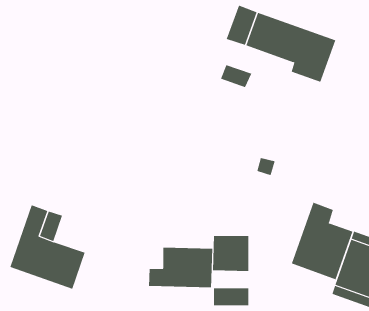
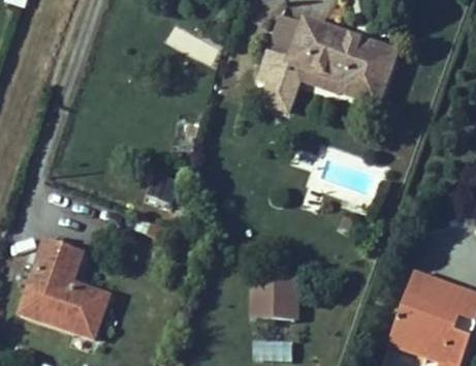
building: none -> [258,52,302,91]
building: [291,202,353,280] -> none
building: [149,247,213,288] -> none

